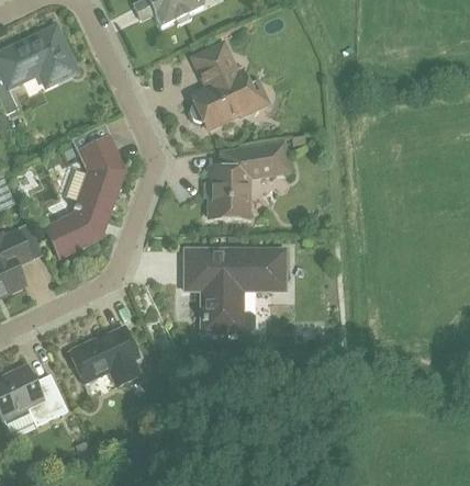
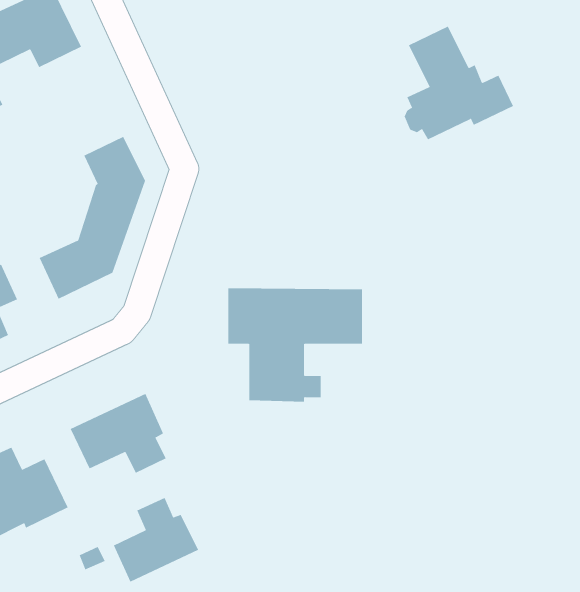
building: [189,43,270,127] -> [404,26,514,140]
building: [209,143,287,217] -> none
building: none -> [113,497,199,583]

